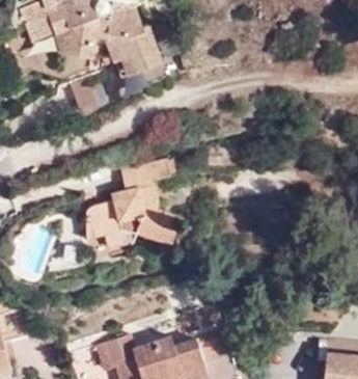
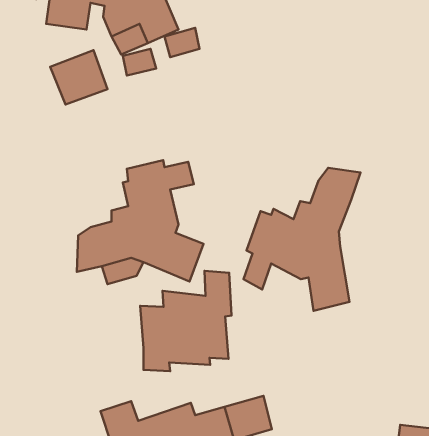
building: none -> [243,168,361,311]
building: none -> [140,271,232,371]

